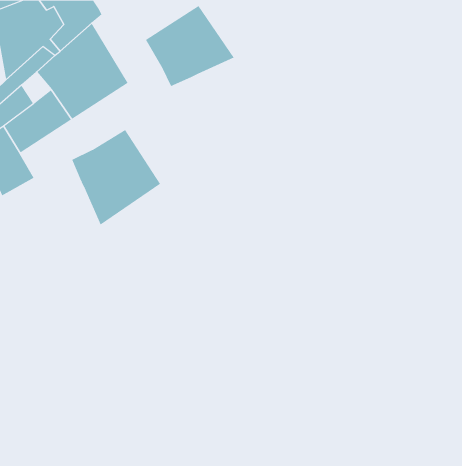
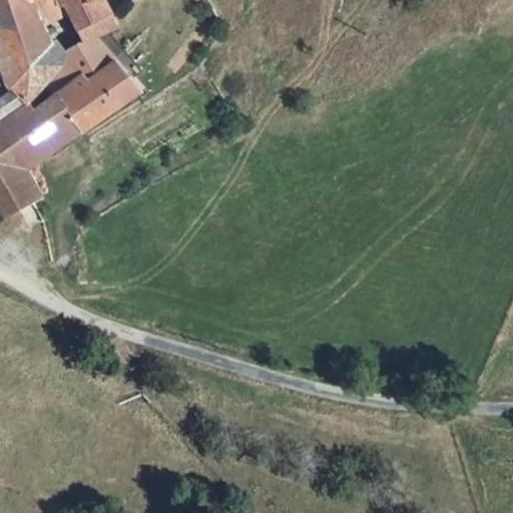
building: [145,5,235,87] -> none
building: [71,129,161,226] -> none

